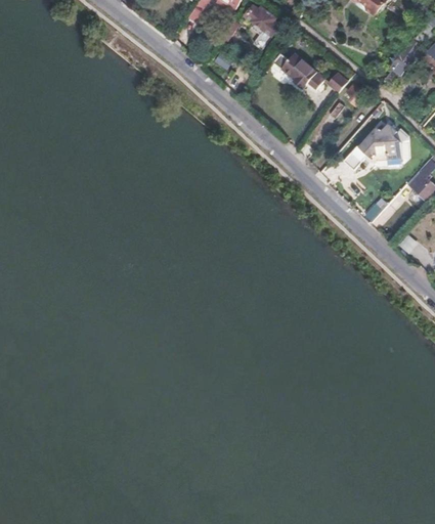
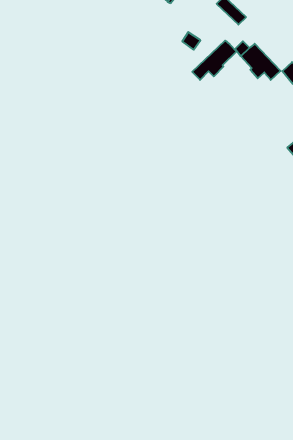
building: none -> [192,41,236,80]

